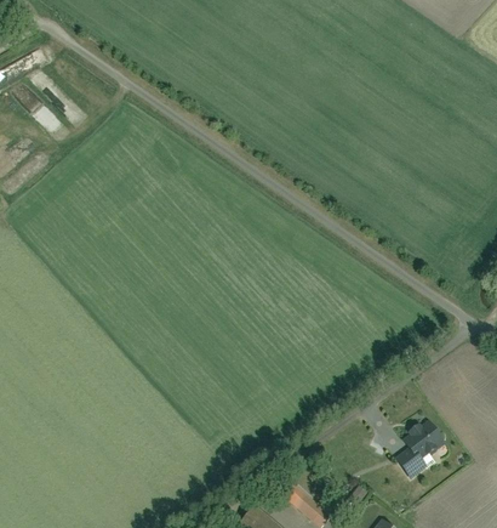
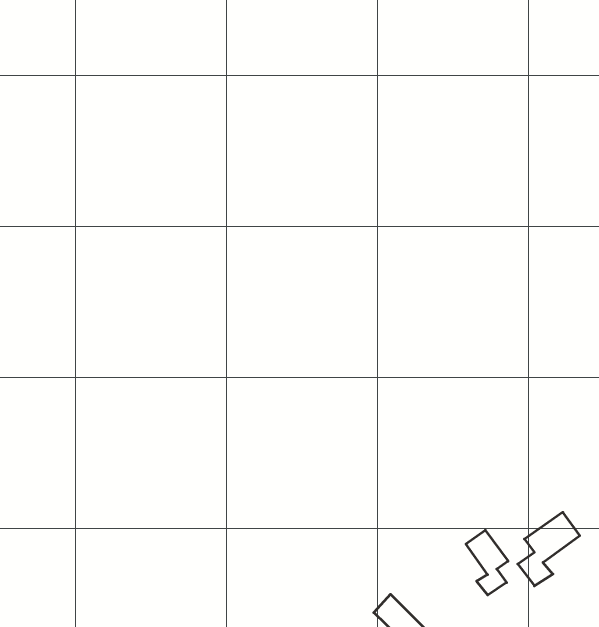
building: none -> [466,530,508,595]

